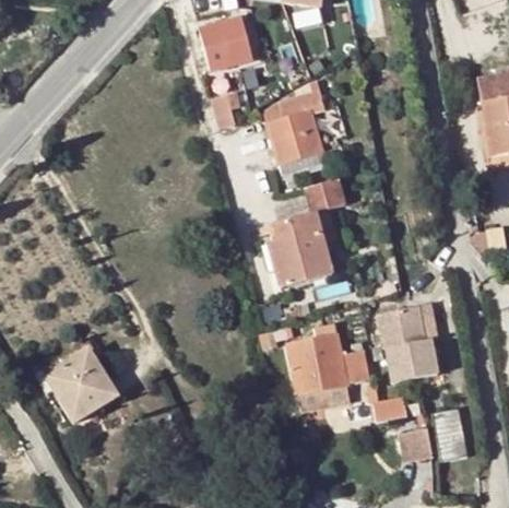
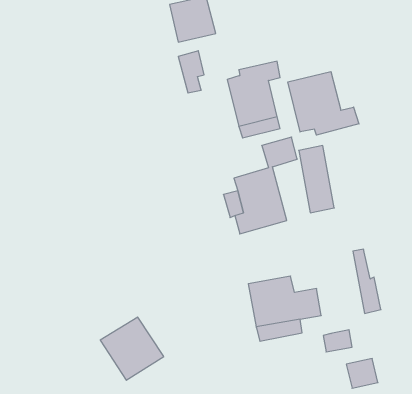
building: none -> [288,72,359,135]
building: [380,306,421,382] -> [299,146,334,213]
building: [45,350,117,422] -> [100,317,164,380]
building: [434,406,469,459] -> none

